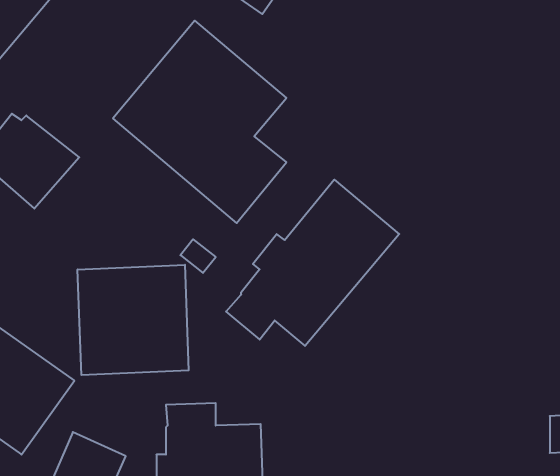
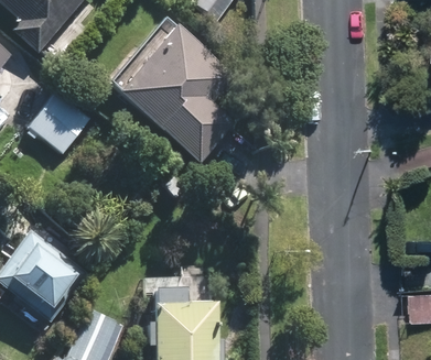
building: [226,180,399,346] -> none
building: [78,265,189,375] -> none

